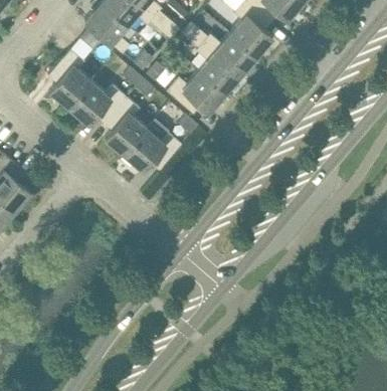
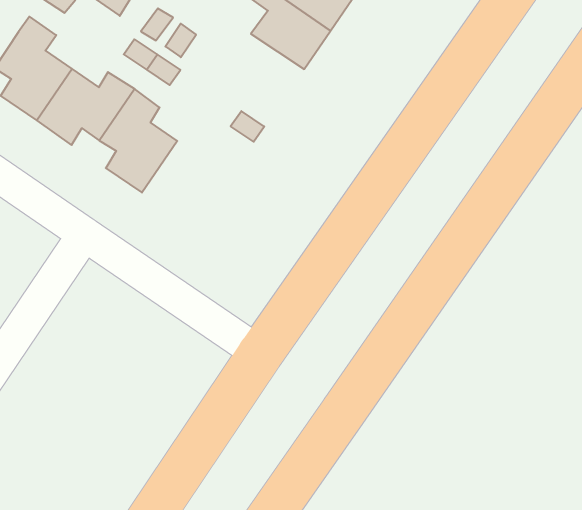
building: [166,72,224,114] -> none
building: [125,120,182,172] -> none

